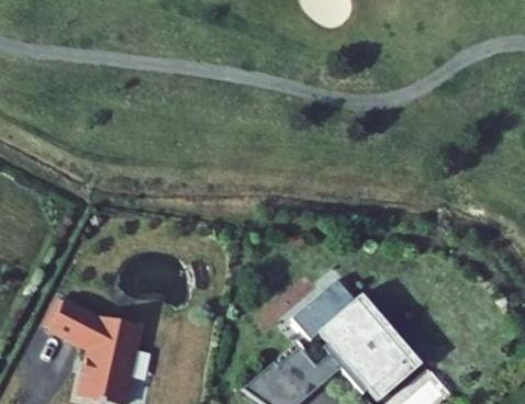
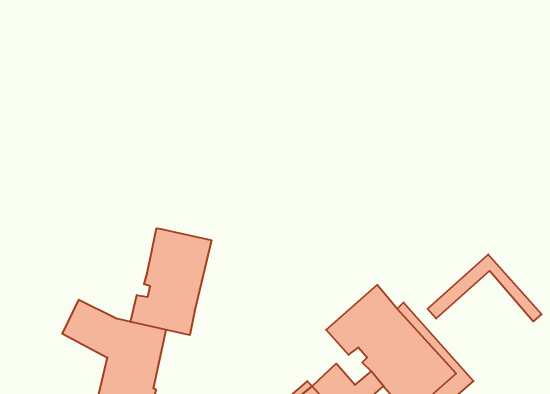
building: none -> [130,228,211,335]
building: none -> [428,254,542,321]

